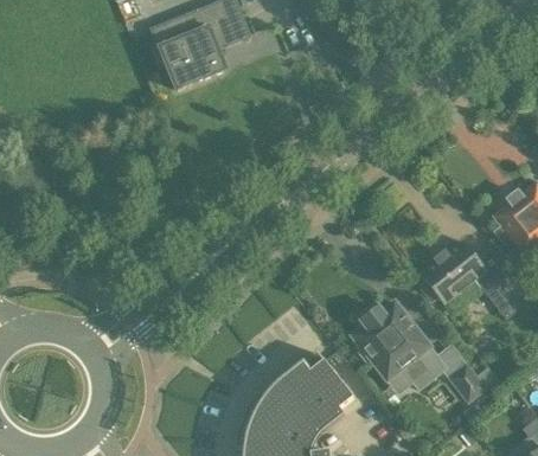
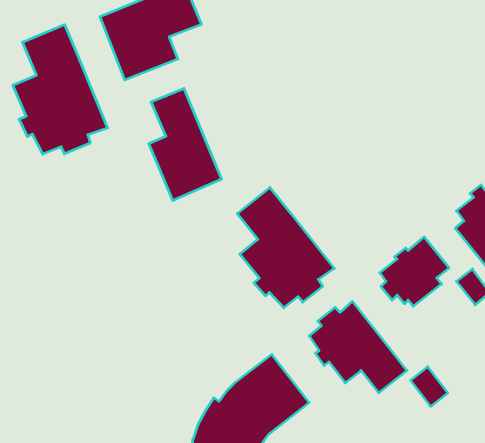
building: none -> [13,25,108,154]
building: none -> [149,88,221,201]
building: none -> [237,187,334,308]

